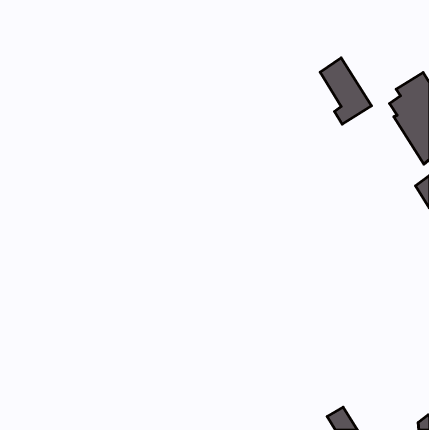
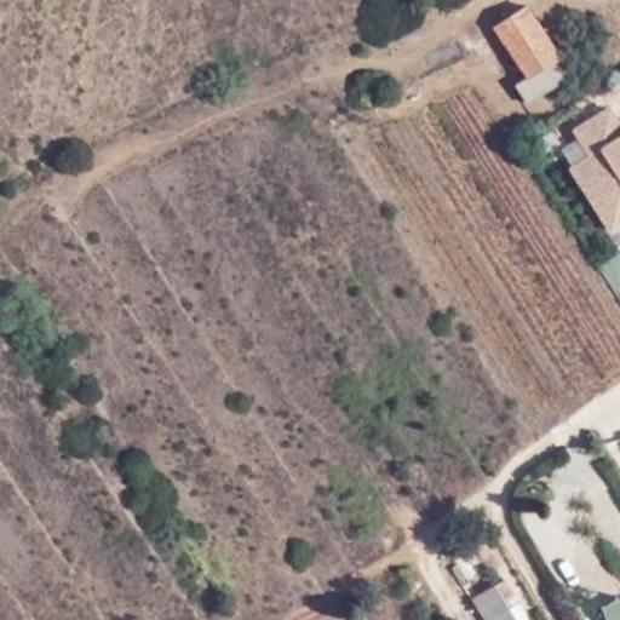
building: [320,58,372,124] -> [496,6,570,102]

